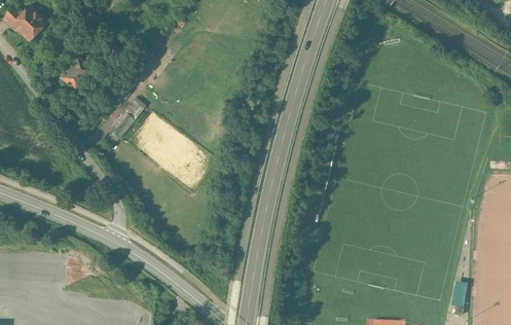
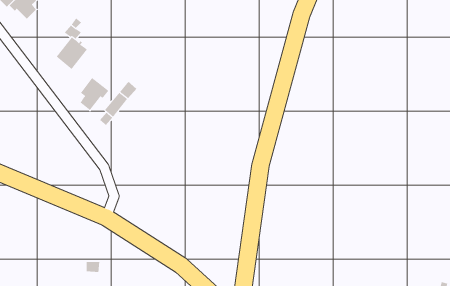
building: none -> [80,77,109,111]

